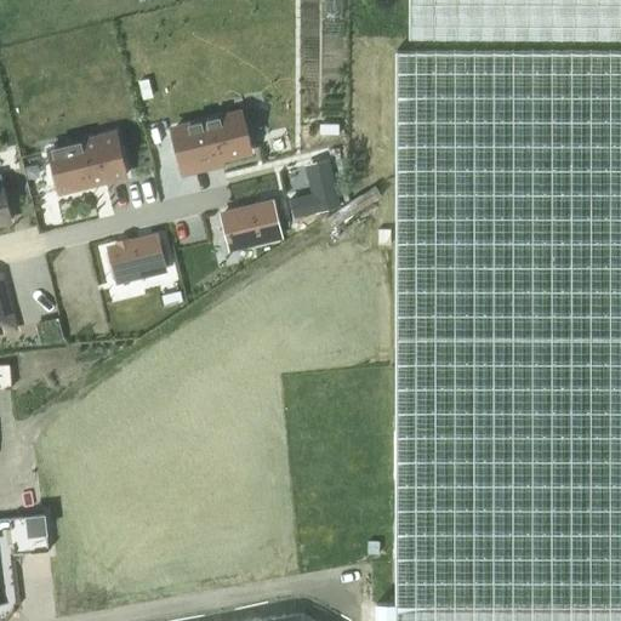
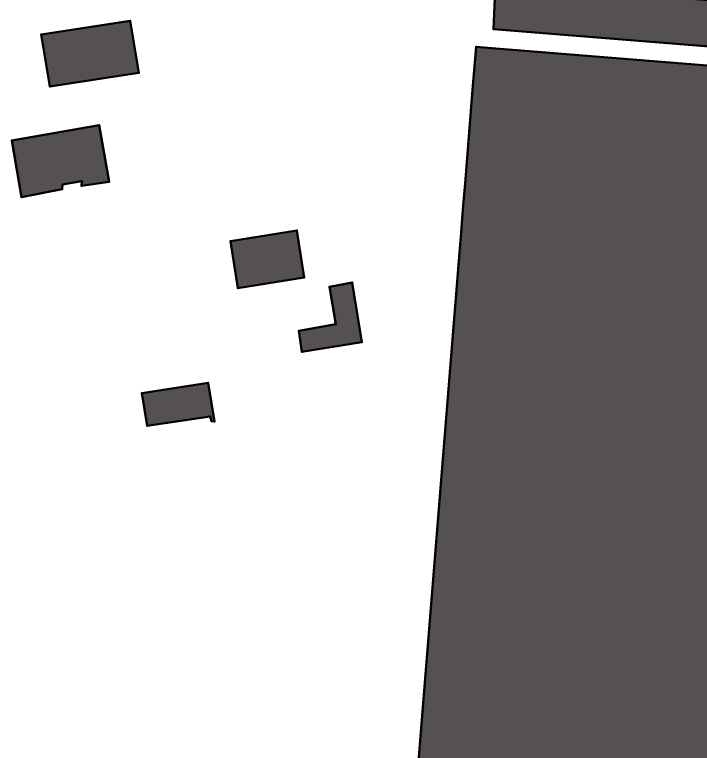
building: [172,113,249,167] -> [41,21,139,86]
building: [290,160,338,216] -> [299,282,362,352]
building: [108,240,165,277] -> [142,383,215,426]

